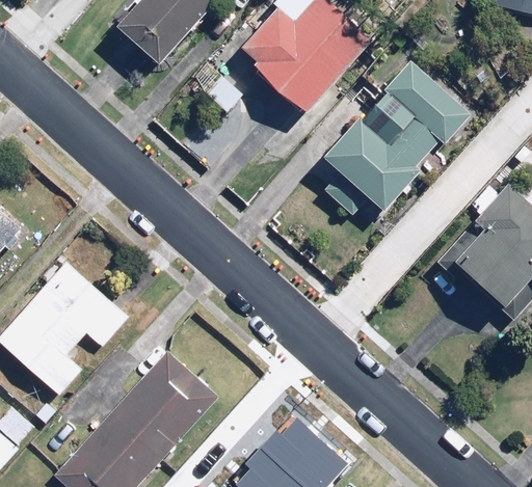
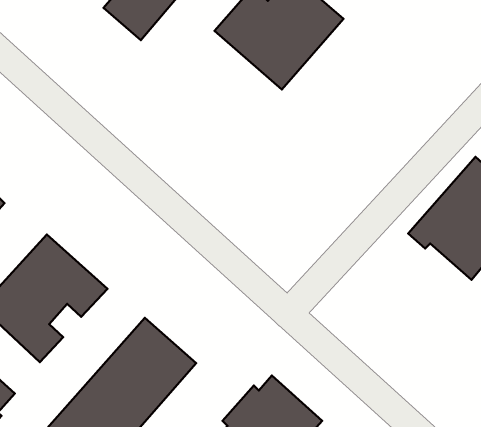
building: [324,60,472,214] -> none

